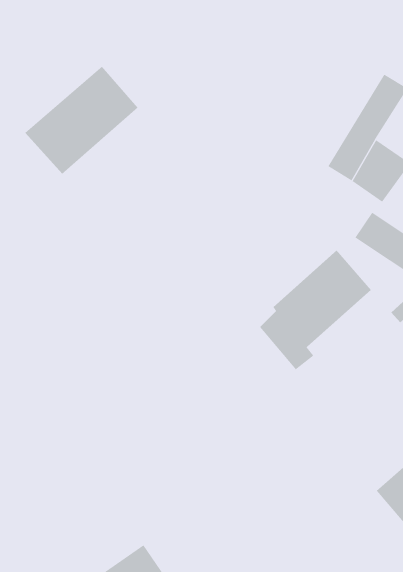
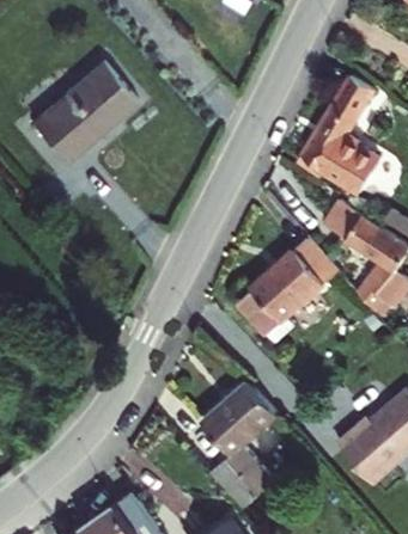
building: none -> [202,379,287,509]

